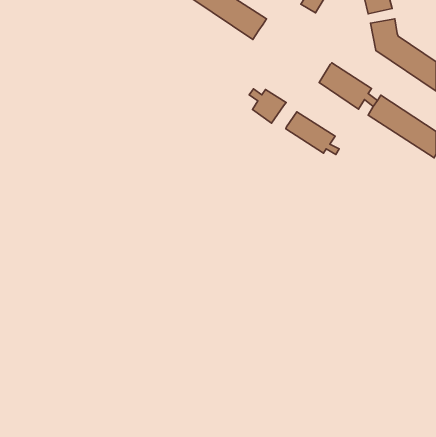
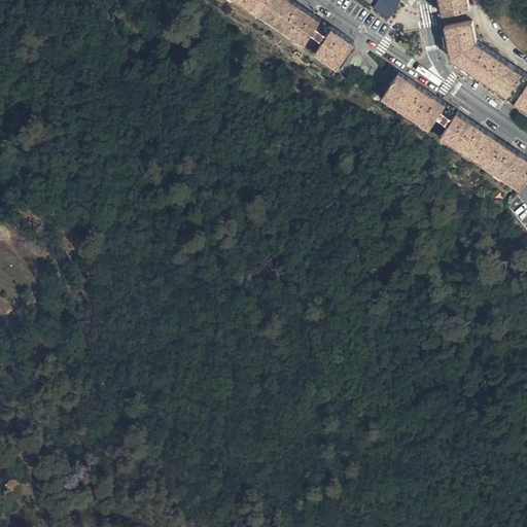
building: [249,89,286,123] -> [310,29,354,70]
building: [286,112,339,154] -> none

